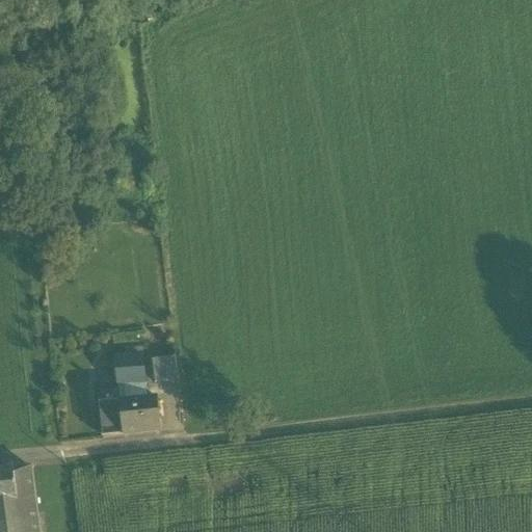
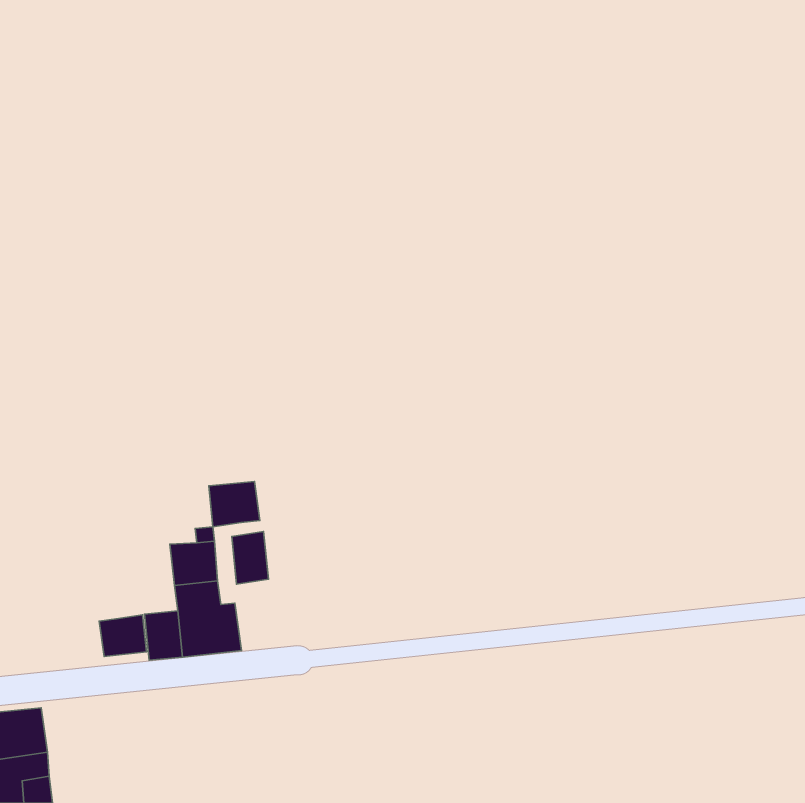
building: none -> [209,481,260,527]
building: none -> [99,615,146,657]

